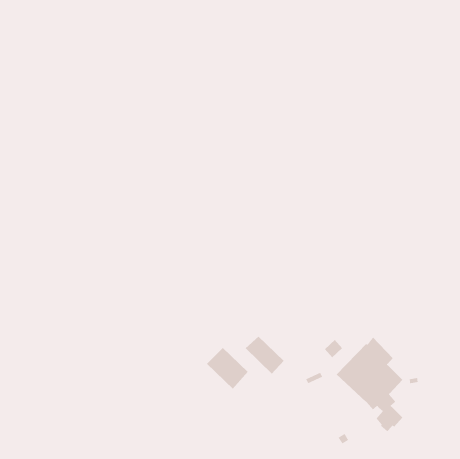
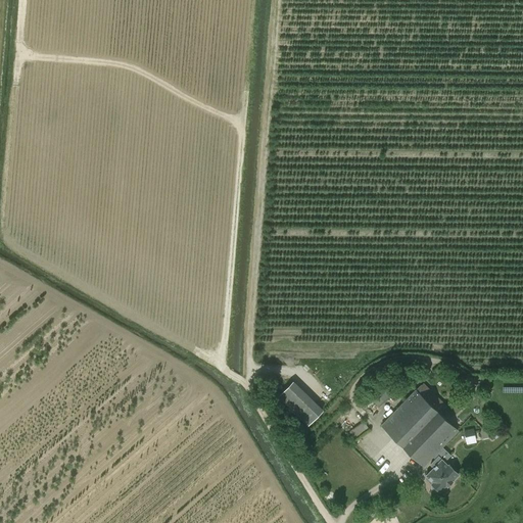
building: [206,347,249,390] -> none

